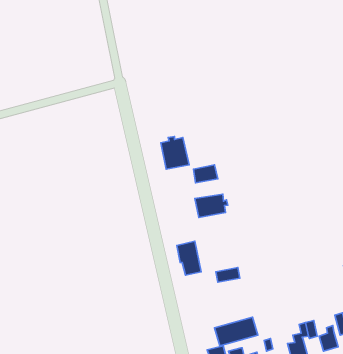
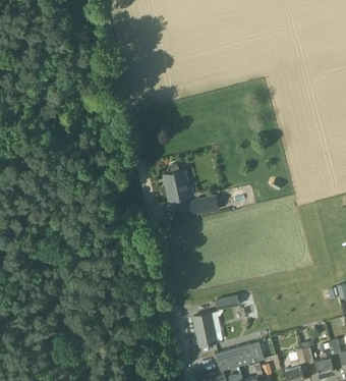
building: [195,194,228,217] -> none
building: [177,241,201,275] -> [193,313,217,345]

